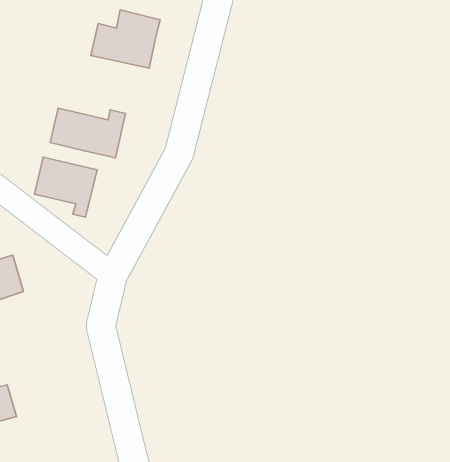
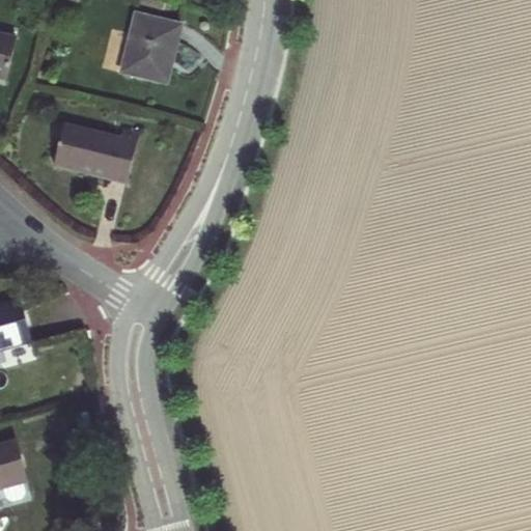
building: [34,157,97,217] -> none

